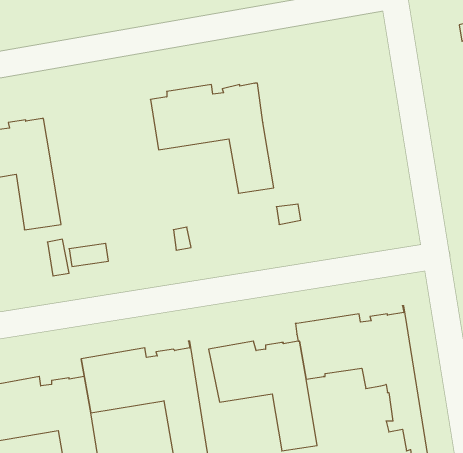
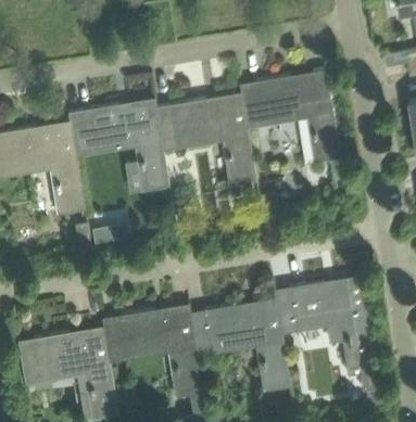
building: none -> [240,71,340,163]
building: none -> [67,103,168,192]

